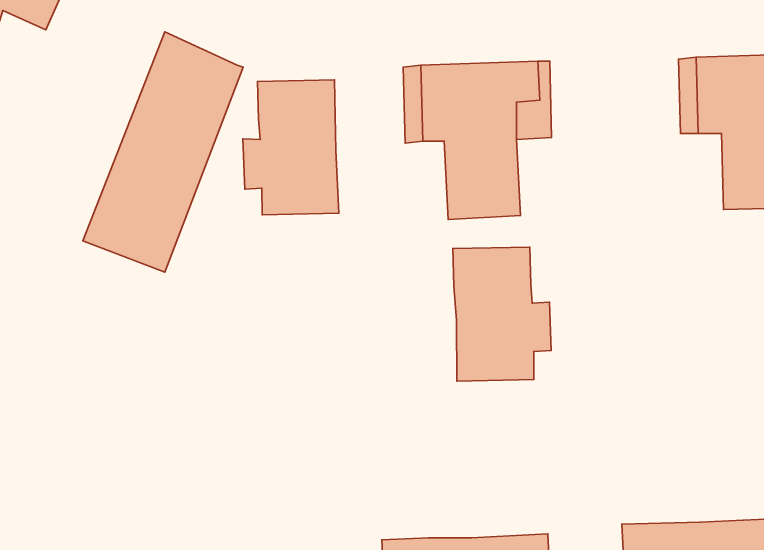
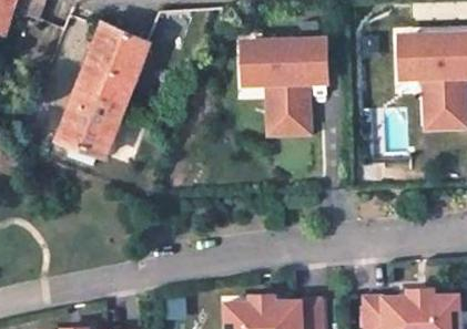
building: [243,80,339,215] -> none
building: [453,247,551,381] -> none

